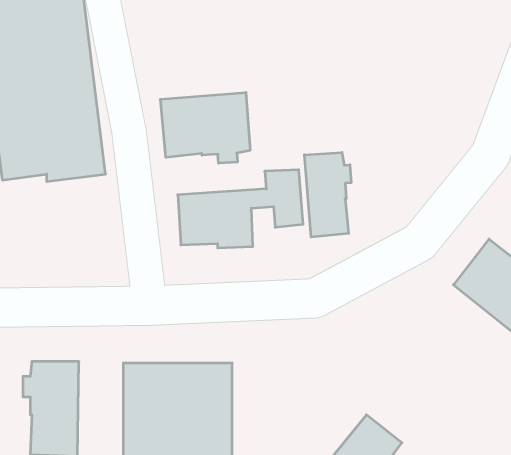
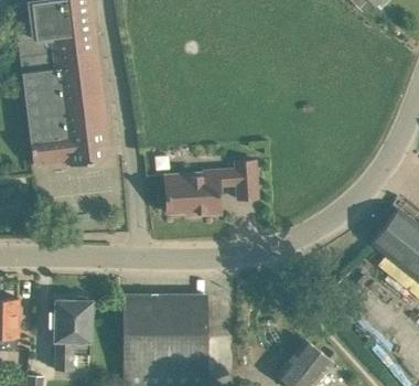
building: [160,92,250,163] -> none
building: [304,152,351,237] -> none

